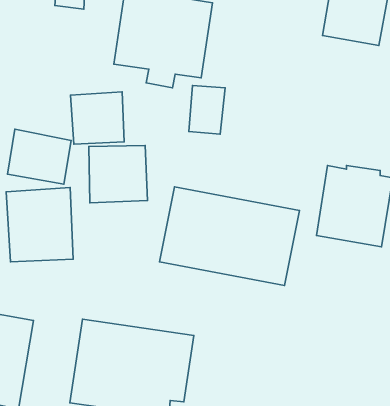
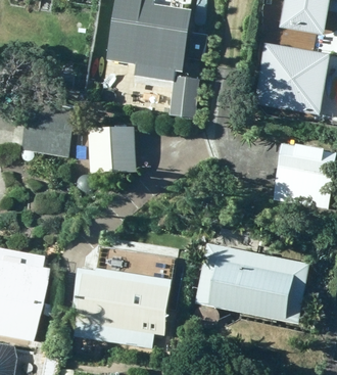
building: none -> [252,45,328,116]
building: [71,92,124,144] -> none
building: [159,187,300,286] -> [197,241,311,322]
building: [6,187,73,262] -> none

